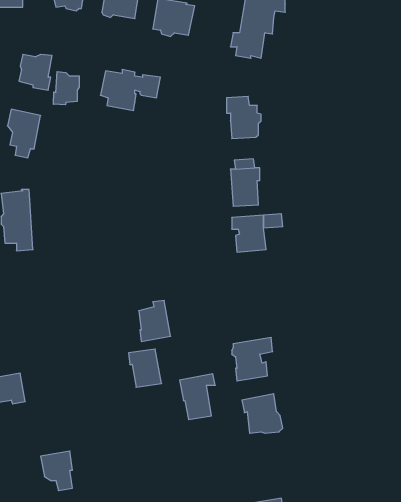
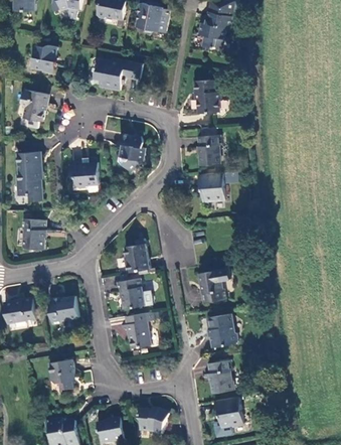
building: [53,72,79,105] -> none
building: none -> [119,135,151,172]
building: none -> [68,161,98,188]
building: none -> [20,218,43,249]
building: none -> [46,298,77,325]
building: [180,374,215,420] -> [123,312,151,348]
building: none -> [205,360,230,393]

